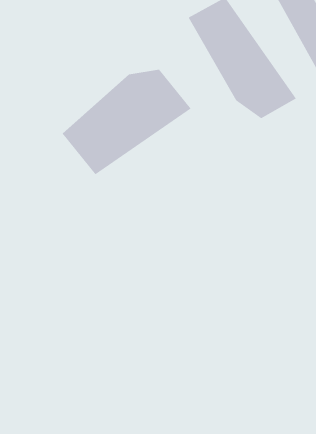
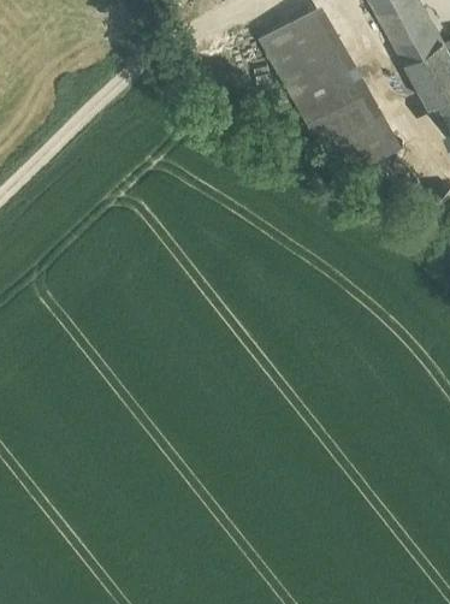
building: [62,69,191,175] -> none

